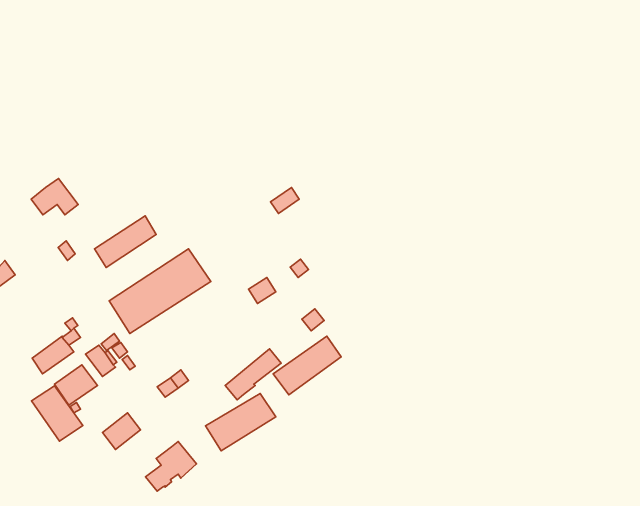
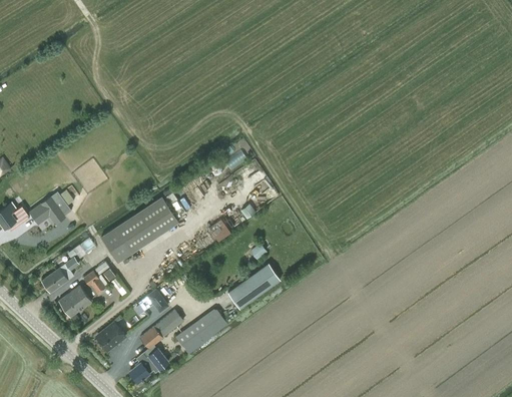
building: [31,178,78,215] -> [29,196,65,225]
building: [94,216,156,268] -> none
building: [225,349,281,400] -> [140,310,183,349]
building: [32,386,83,441] -> none

